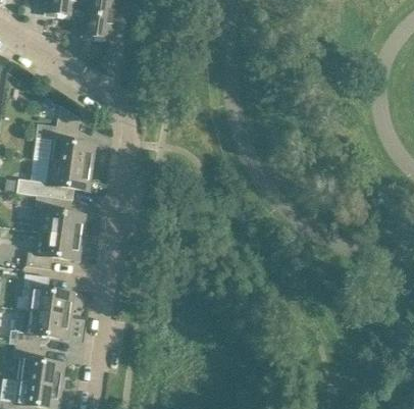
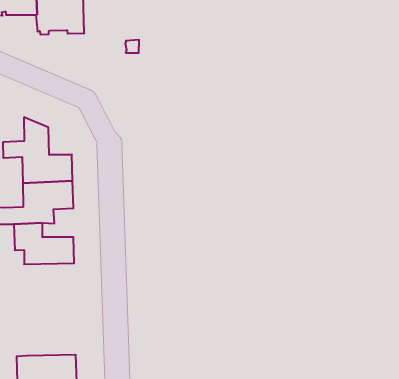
building: [25,229,82,267] -> none
building: [21,272,74,314] -> none

